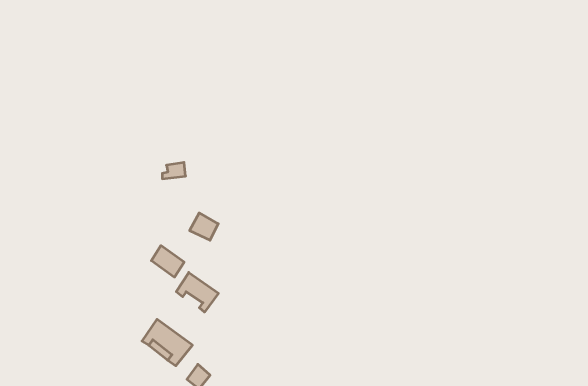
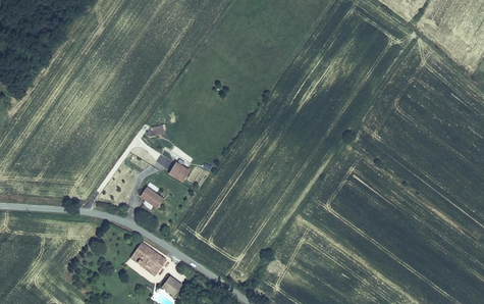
building: [176,272,218,312] -> none

